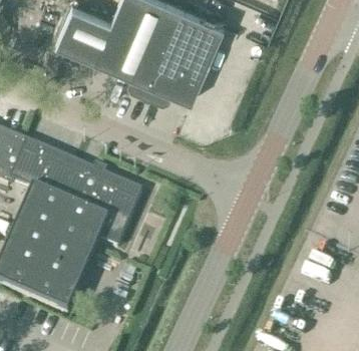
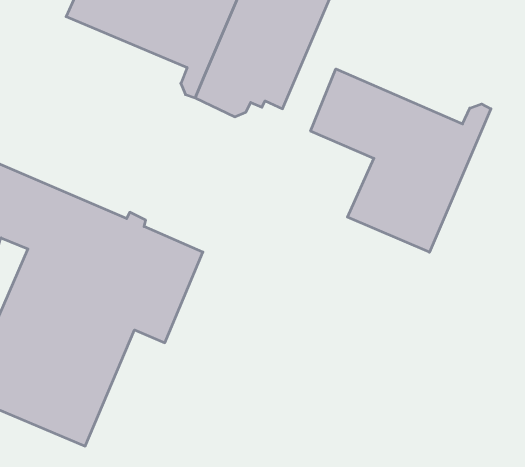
building: none -> [311,69,491,252]

